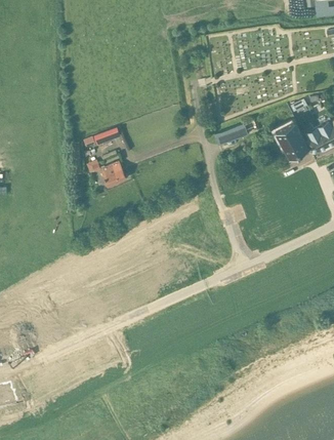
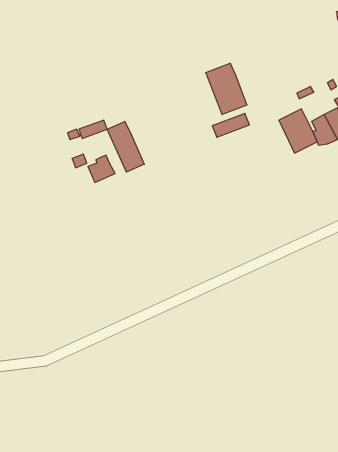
building: none -> [206,63,247,115]
building: none -> [107,121,144,172]

